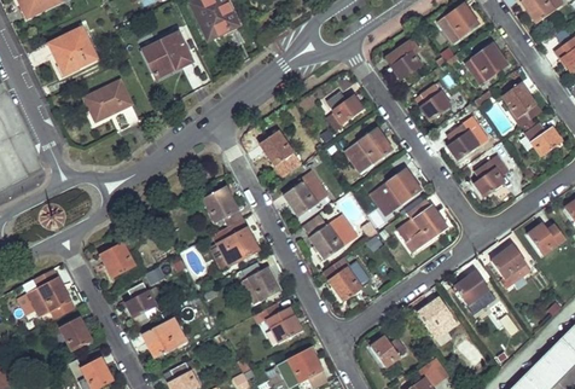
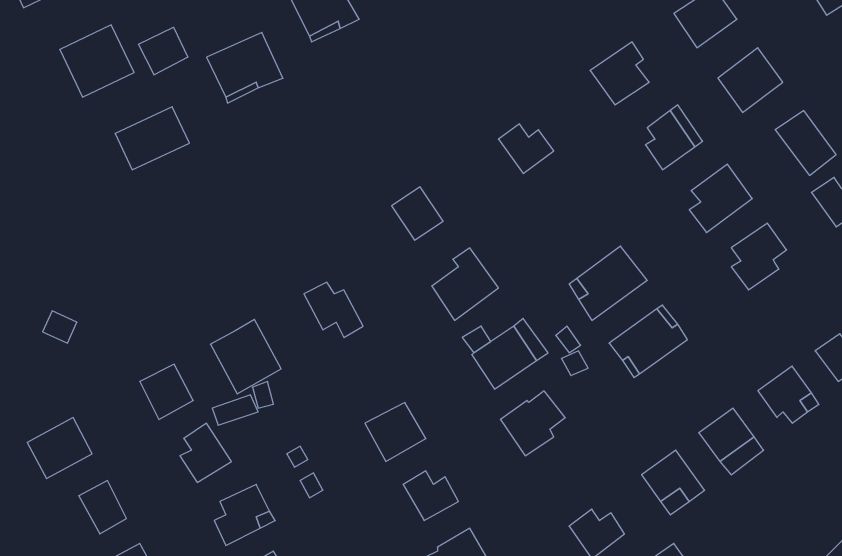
building: none -> [139,27,188,75]
building: [343,127,390,172] -> none
building: [213,219,257,266] -> [210,319,281,394]

